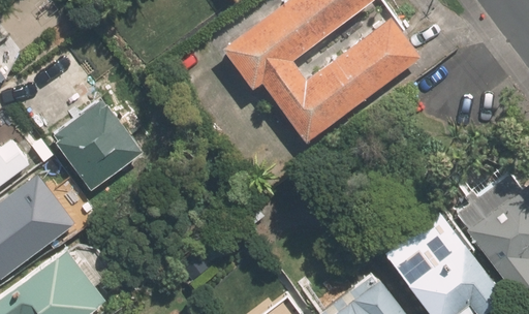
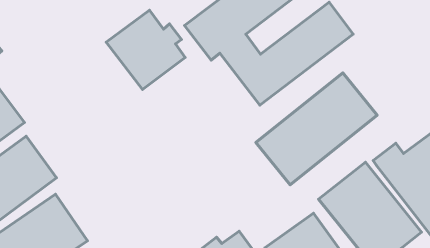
building: [49,99,143,194] -> [106,10,185,90]
building: none -> [256,73,377,185]

